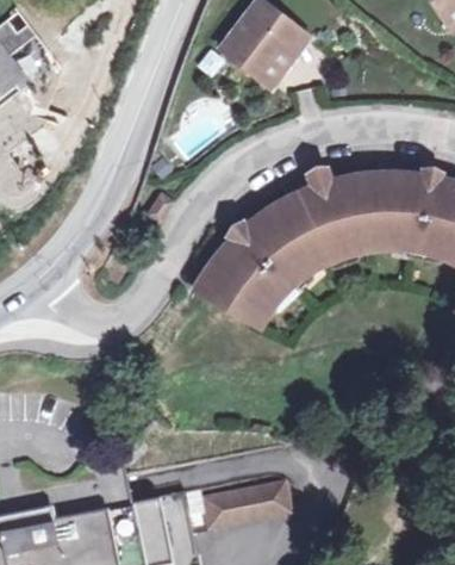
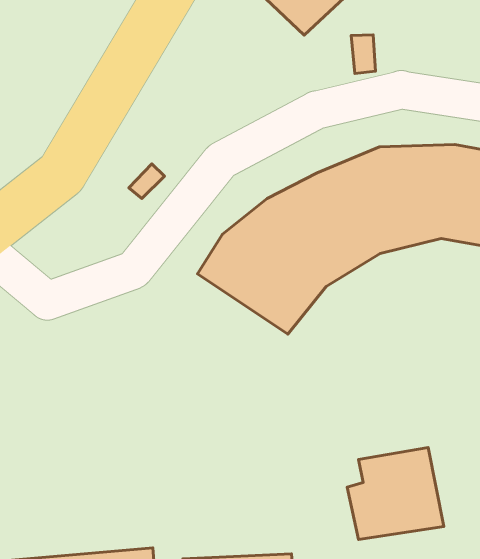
building: none -> [347,448,444,540]

